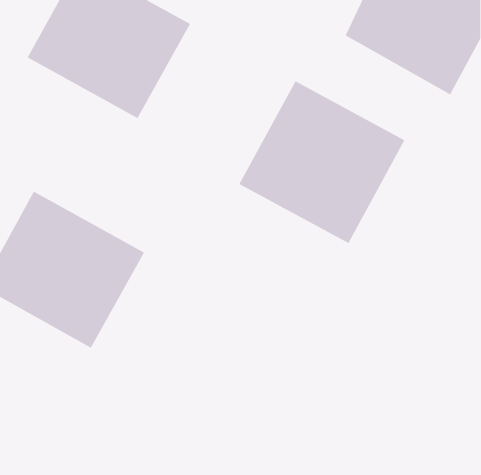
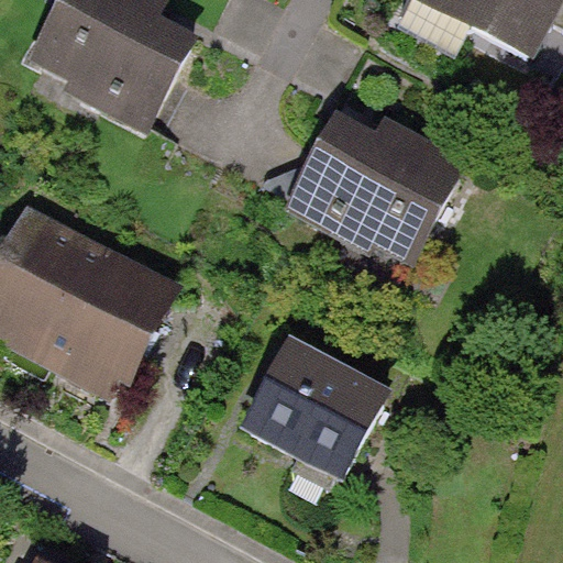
building: none -> [223,328,412,508]

